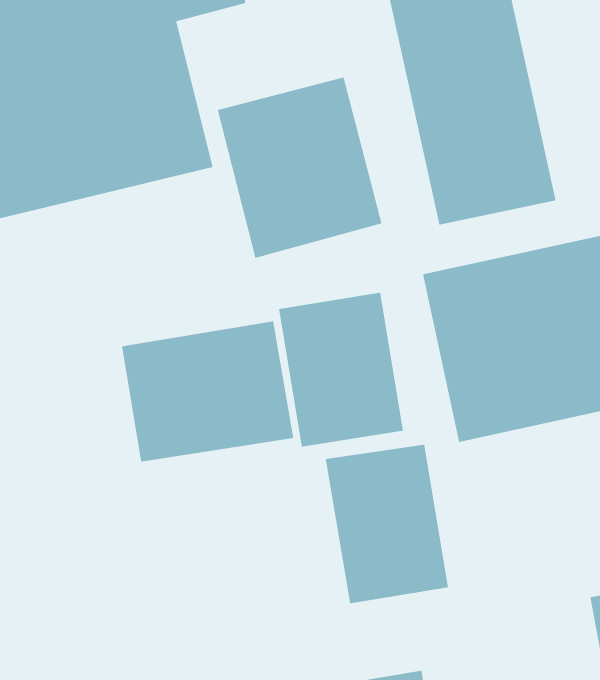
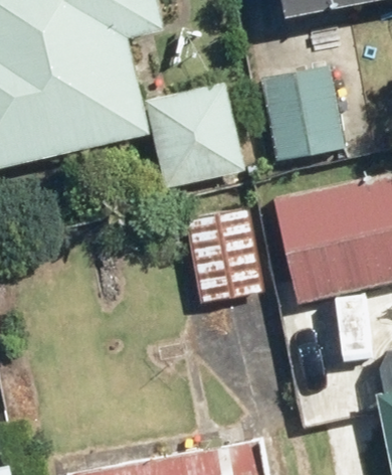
building: [121,320,294,463] -> none
building: [325,444,449,604] -> none

